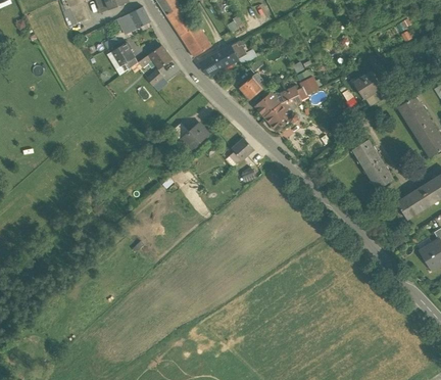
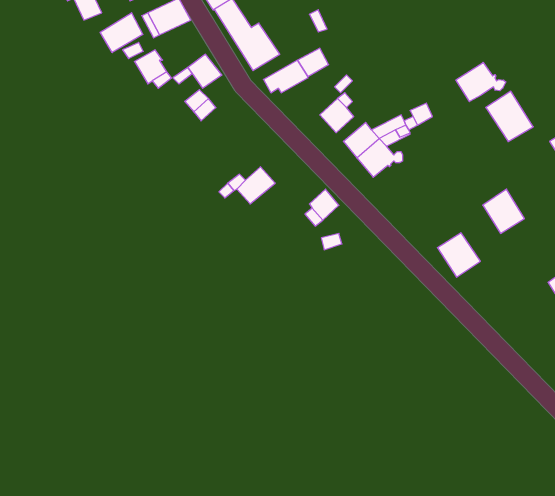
building: none -> [100,13,143,53]
building: none -> [456,62,506,102]
building: [363,158,393,189] -> [437,233,480,277]

